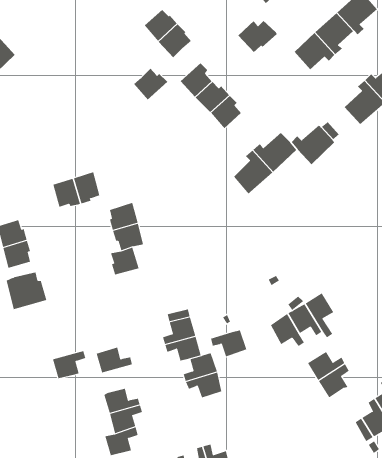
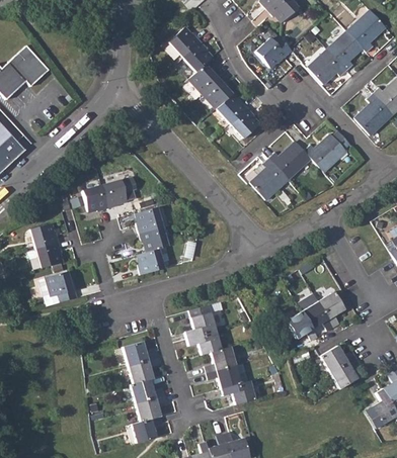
building: [133,68,168,100] -> [188,64,221,94]
building: [210,330,247,357] -> [222,380,256,405]
building: [52,351,86,379] -> [129,357,160,383]

